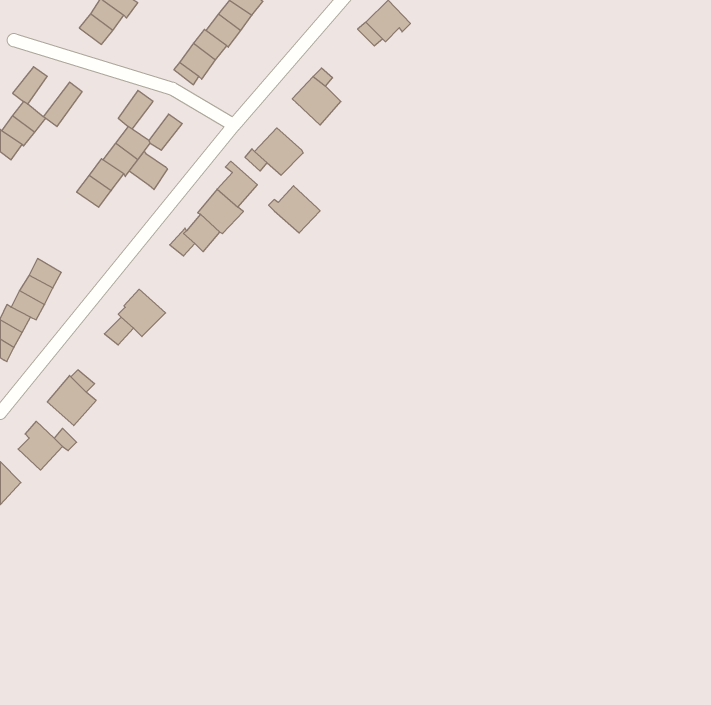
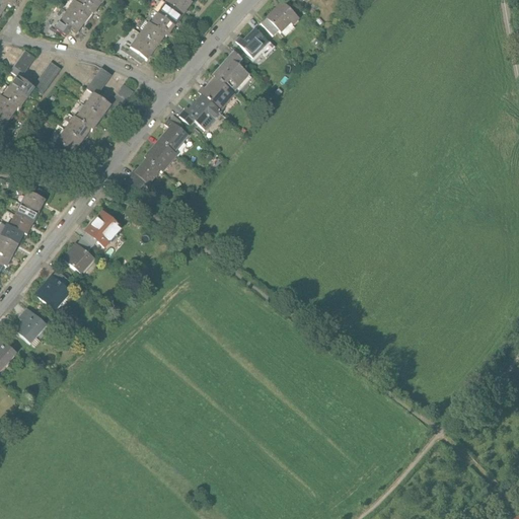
building: none -> [235,27,268,58]
building: [129,152,167,190] -> none
building: [269,186,320,233] -> [198,75,235,109]
building: none -> [62,242,93,273]

